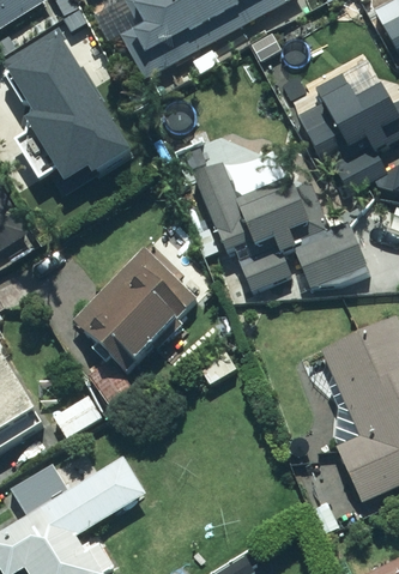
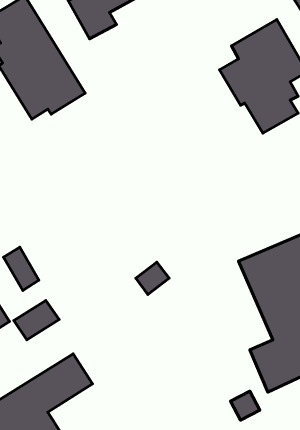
building: [191,163,304,292] -> none
building: [291,226,369,297] -> none
building: [67,244,198,407] -> none

